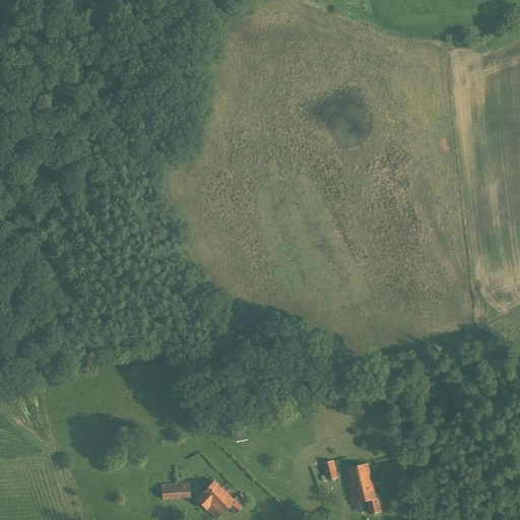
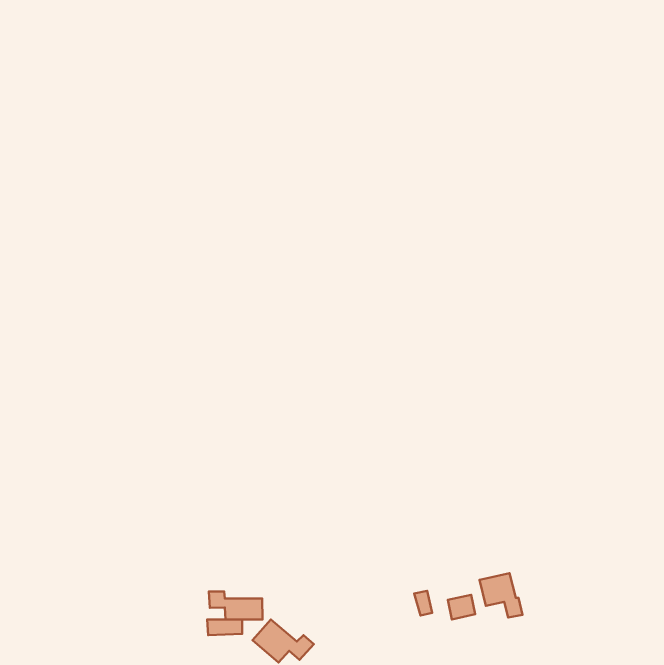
building: none -> [209,591,263,619]
building: [348,479,382,514] -> [479,573,522,617]

